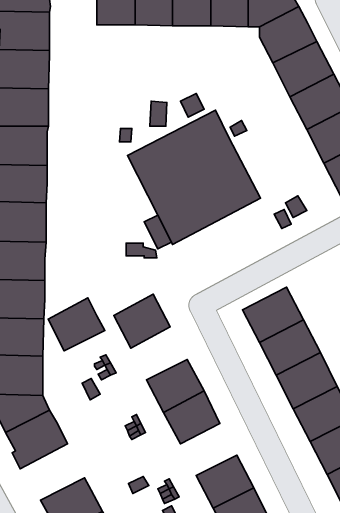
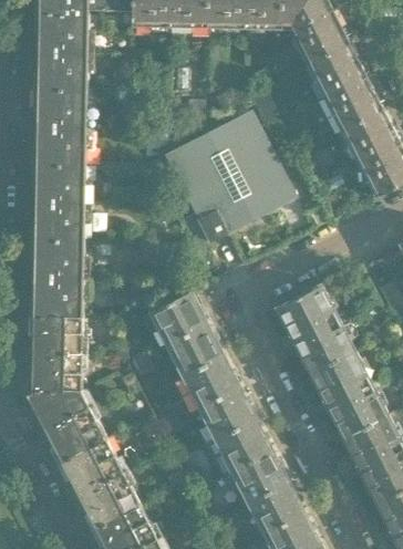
building: [48,298,105,351] -> [166,322,221,374]
building: none -> [215,417,270,468]
building: none -> [58,437,121,493]

